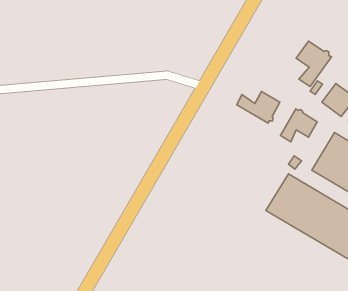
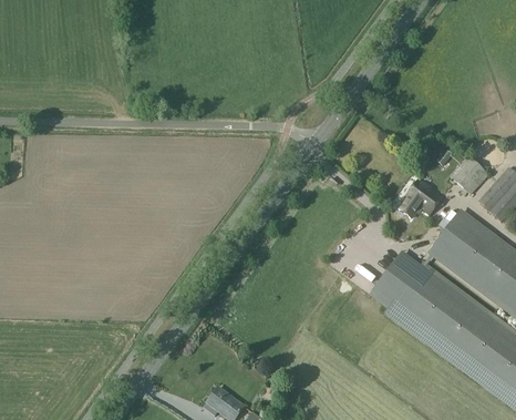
building: [296,41,331,86] -> none
building: [237,92,280,123] -> none

